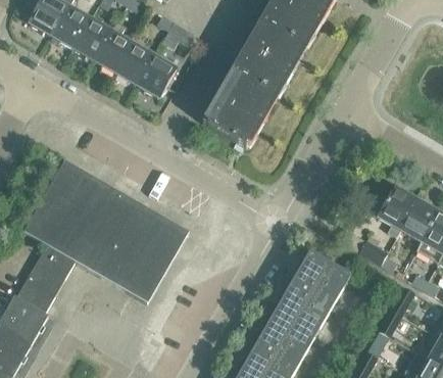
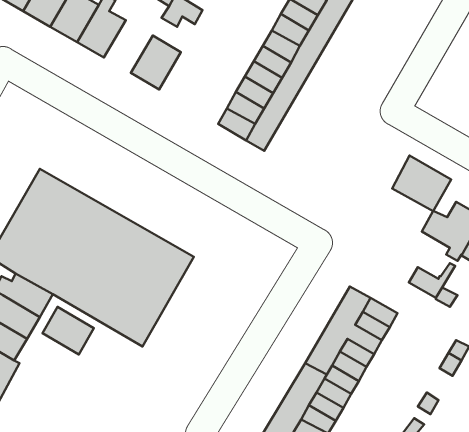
building: [115,42,154,84] -> none
building: none -> [392,156,451,211]
building: none -> [42,307,94,354]

